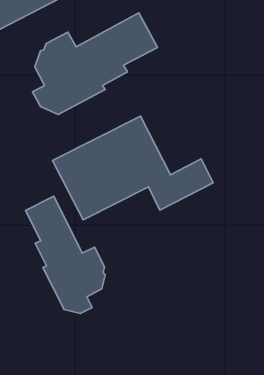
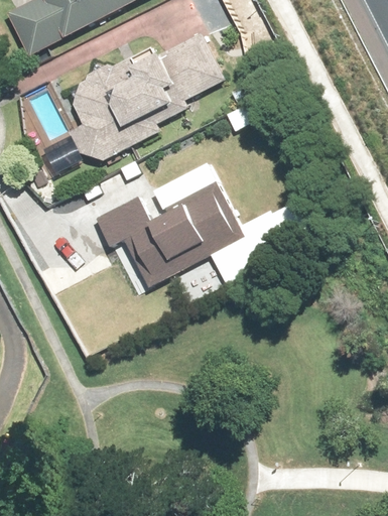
building: [25,196,105,313] -> none

